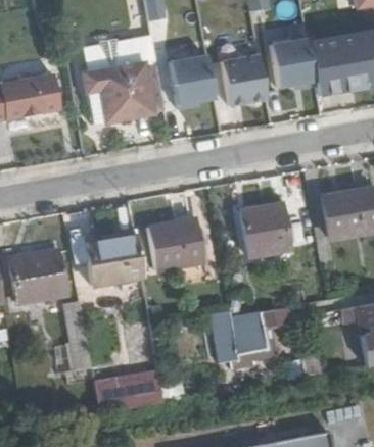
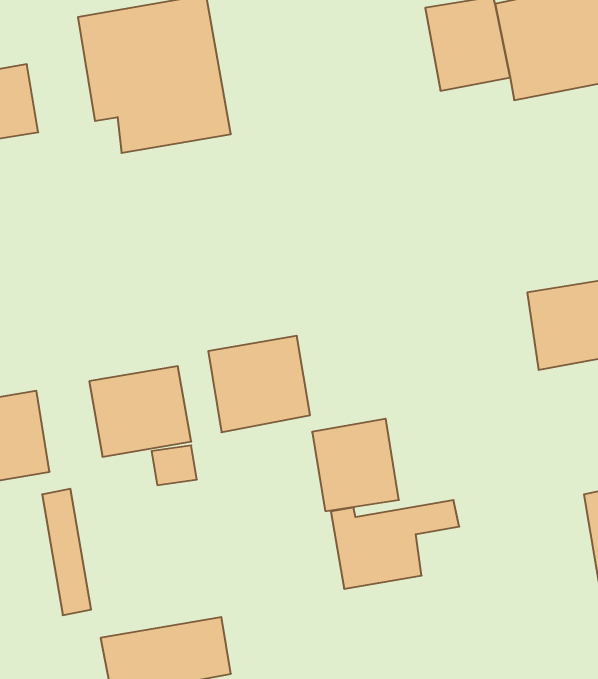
building: [168,54,213,104] -> none
building: [222,54,266,105] -> none
building: [244,205,291,255] -> [312,419,399,511]

